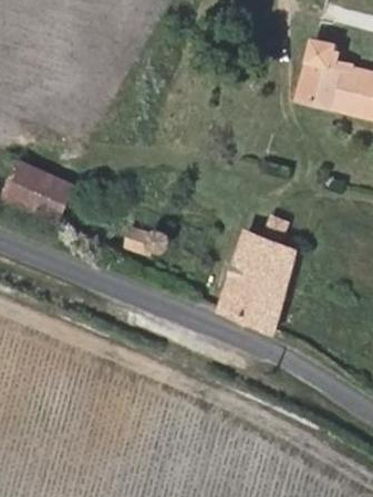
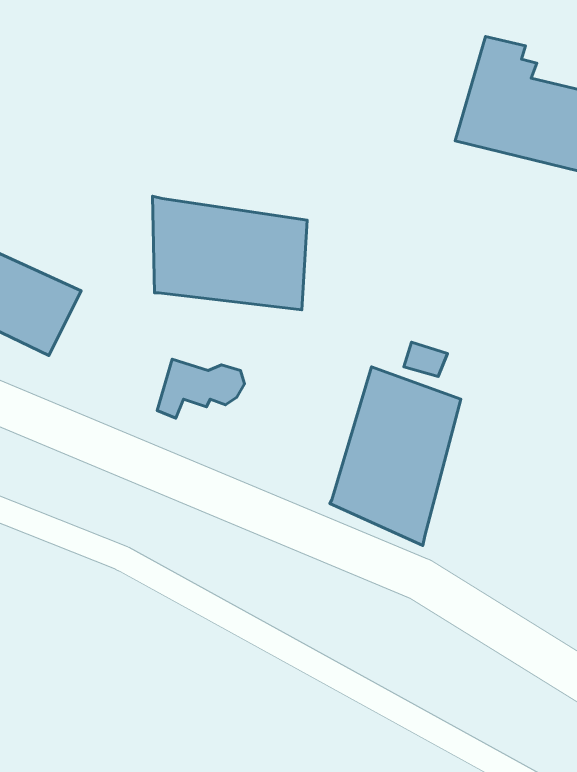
building: none -> [152,196,307,310]

